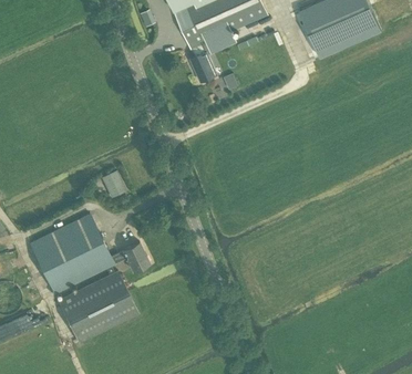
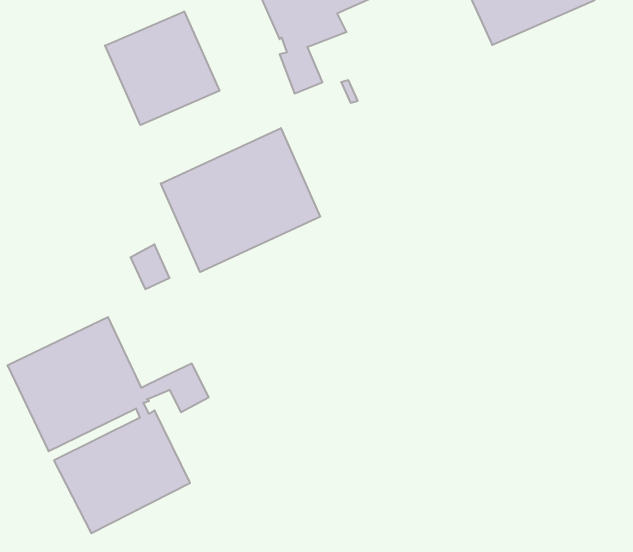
building: none -> [105,11,219,125]
building: none -> [161,128,320,272]

